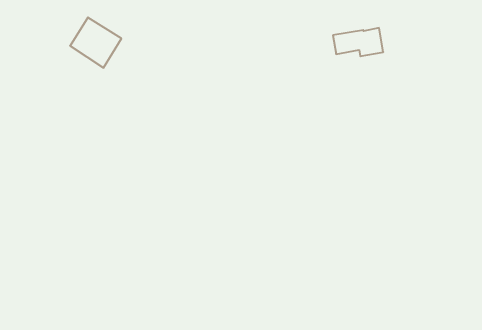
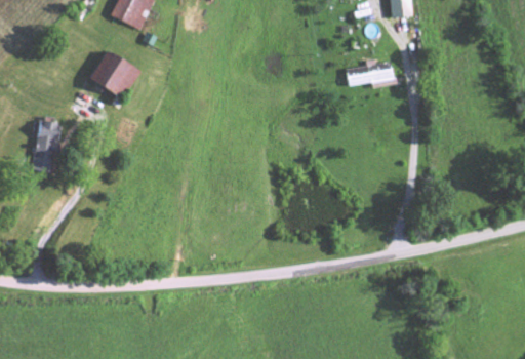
building: none -> [34,119,58,161]

